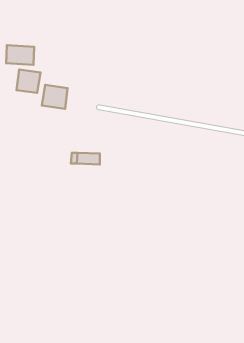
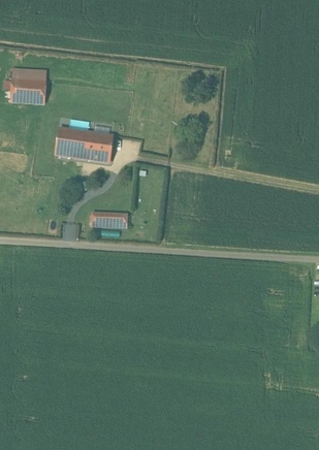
building: [17,69,41,93] -> none
building: none -> [84,132,113,162]

